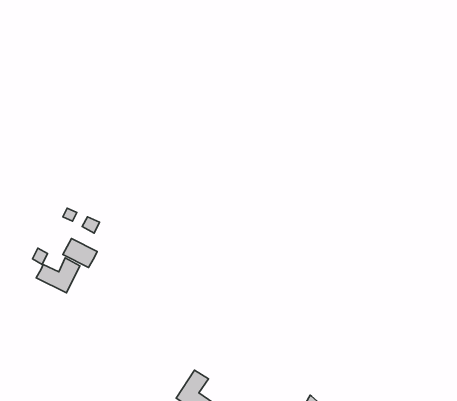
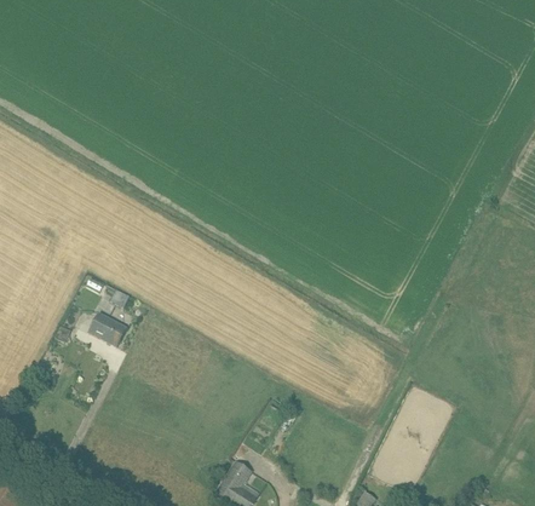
building: [36,258,80,293] -> none

